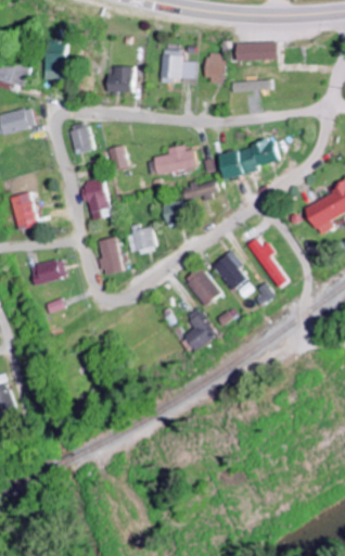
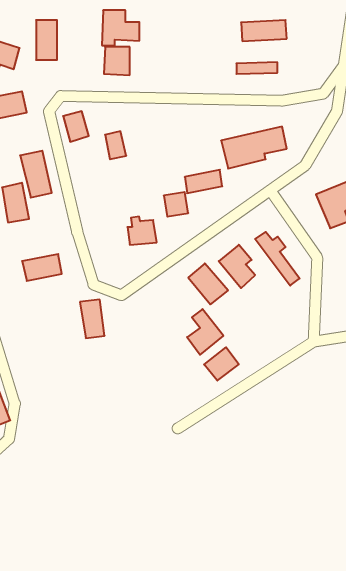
building: [159,50,194,83] -> [102,10,139,45]
building: [205,53,223,83] -> none
building: [152,144,196,175] -> none
building: [82,177,112,220] -> [20,151,52,198]
building: [100,238,123,274] -> [80,300,105,338]
building: none -> [204,347,239,381]

